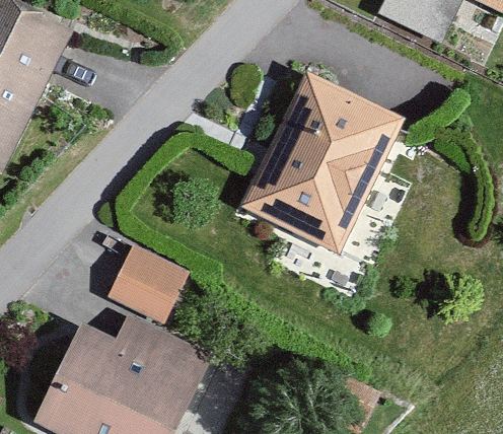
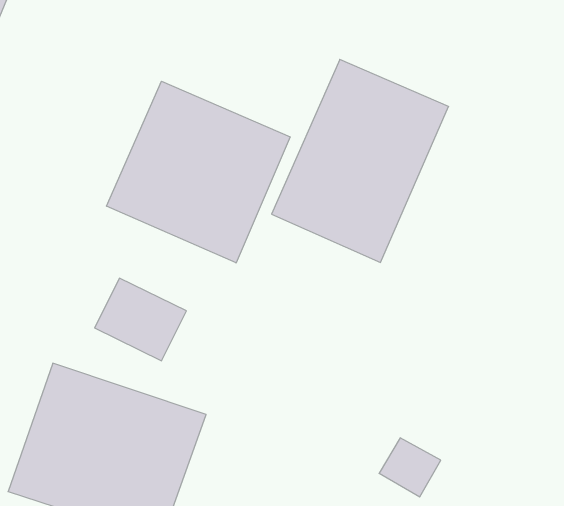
building: none -> [107,81,290,263]

